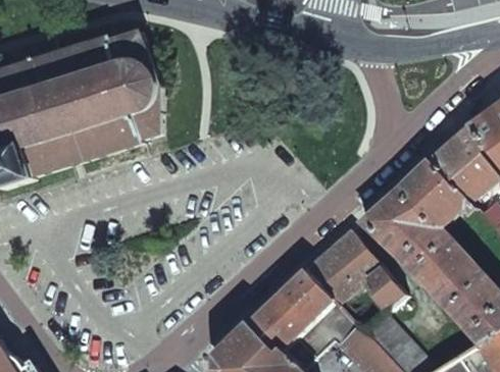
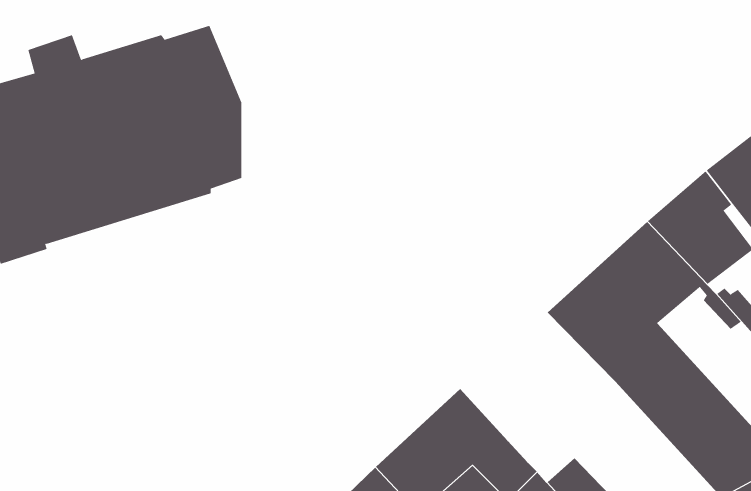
building: [304,231,404,333] -> none

